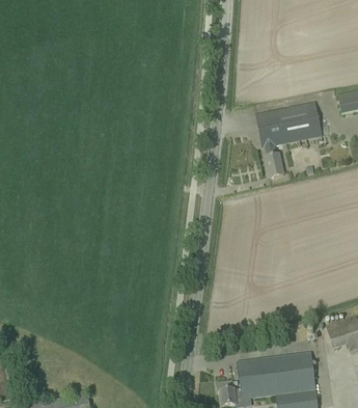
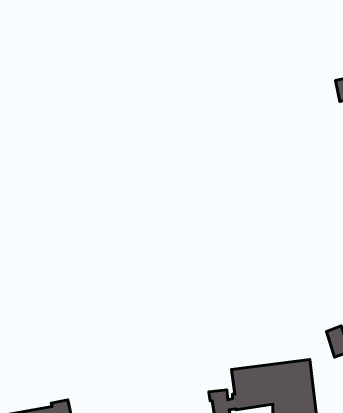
building: [256,101,323,178] -> none

